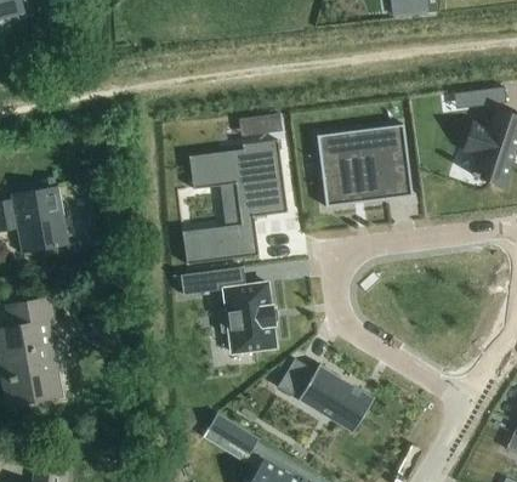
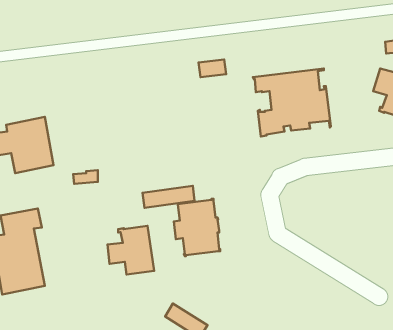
building: [182,140,286,265] -> none
building: none -> [108,226,154,274]
building: [275,358,374,433] -> none

